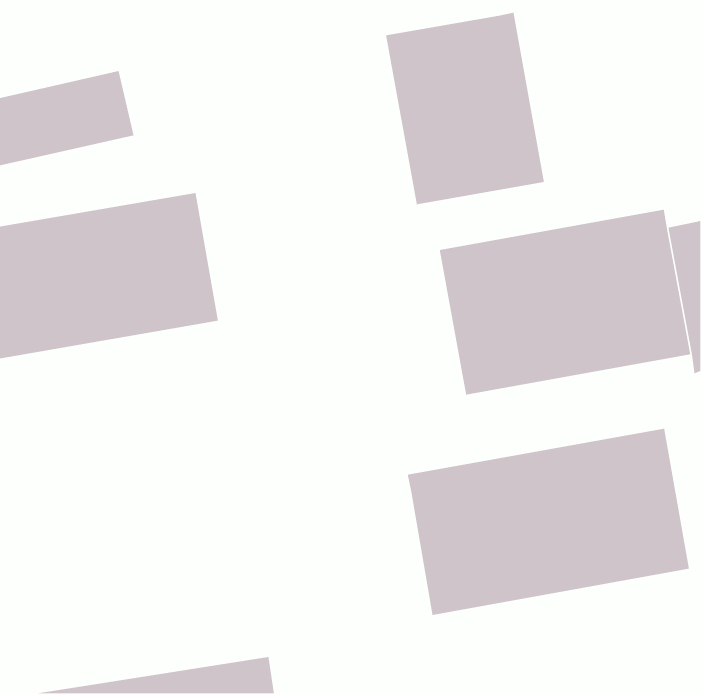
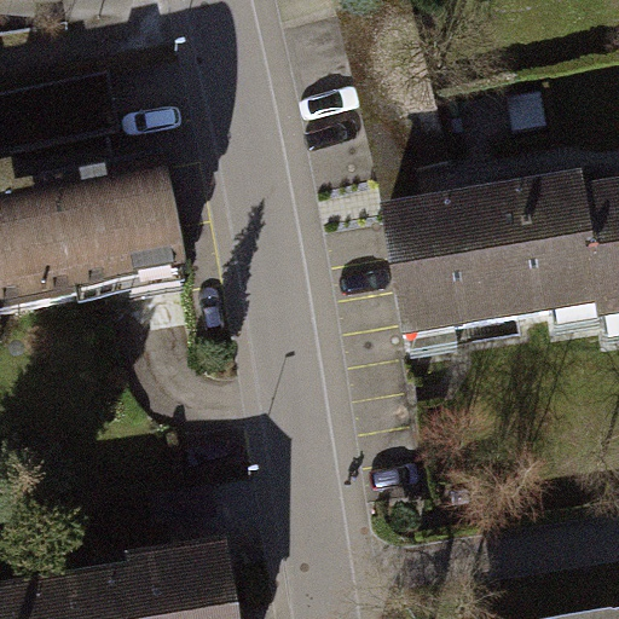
building: [385,12,545,205] -> none
building: [407,428,690,616] -> none

